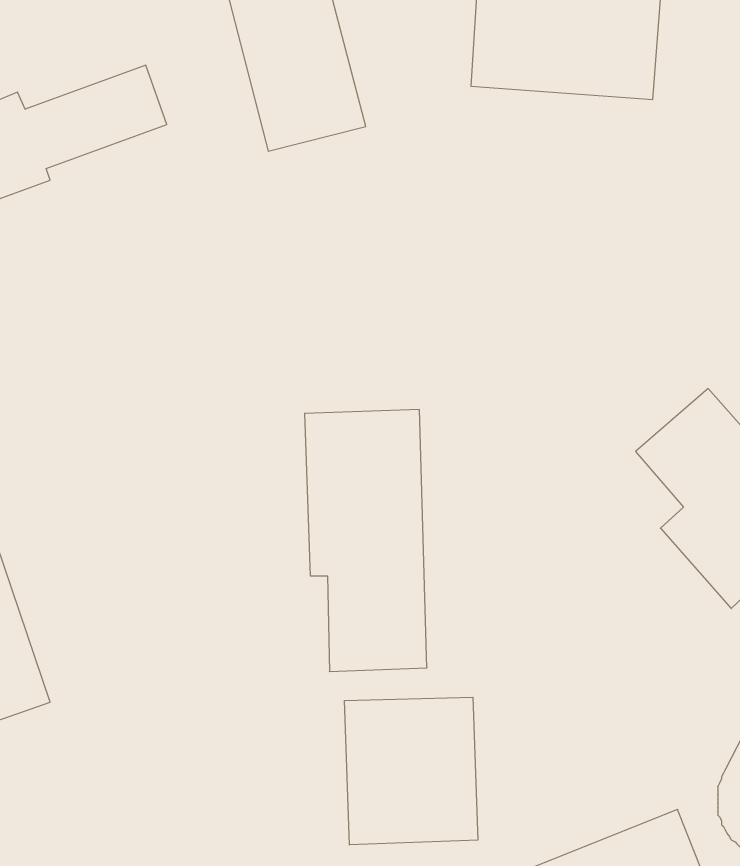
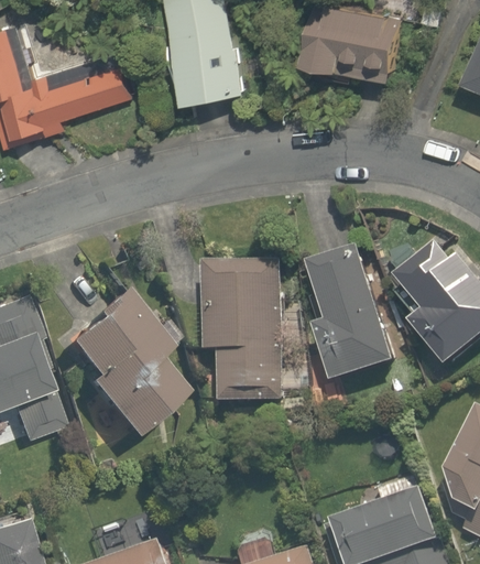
building: none -> [309,250,403,389]
building: none -> [59,286,177,446]
building: [345,697,478,845] -> none

